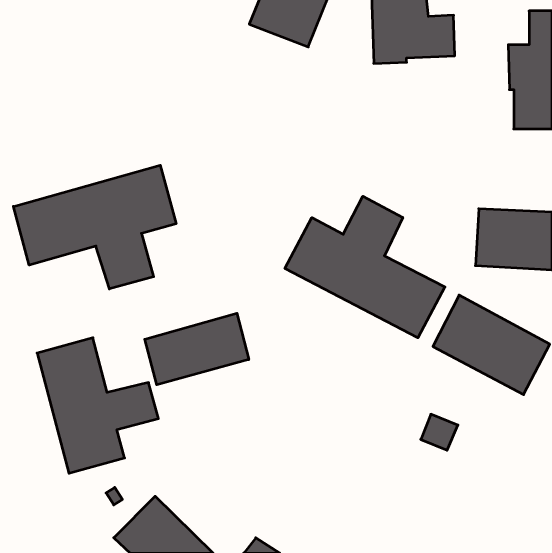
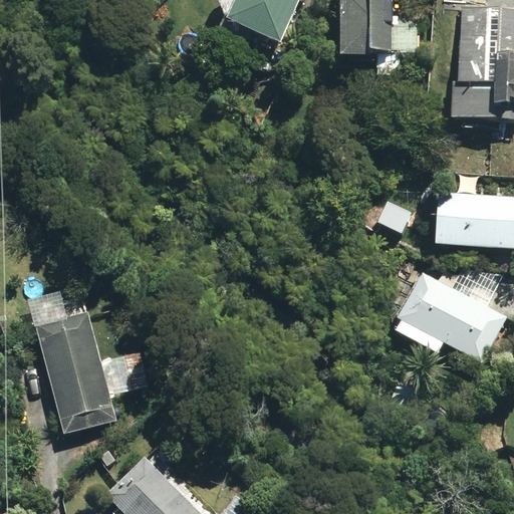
building: [13,165,176,289] -> none
building: [285,196,445,338] -> none
building: [145,313,249,385] -> none

